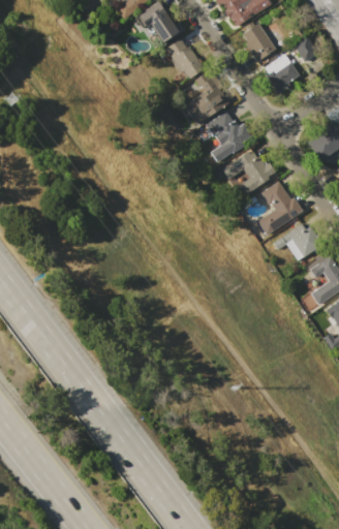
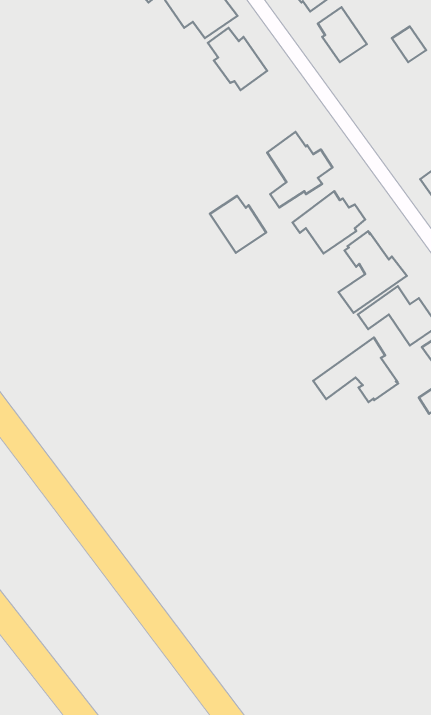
building: [263,53,299,95] -> none
building: [190,69,232,121] -> none
building: none -> [210,196,266,253]
building: none -> [313,338,398,402]

